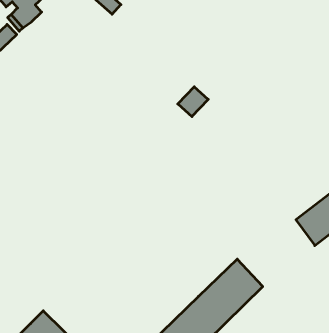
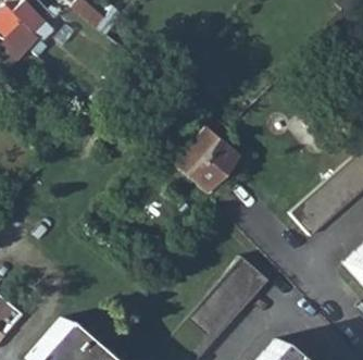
building: none -> [174,122,240,193]

